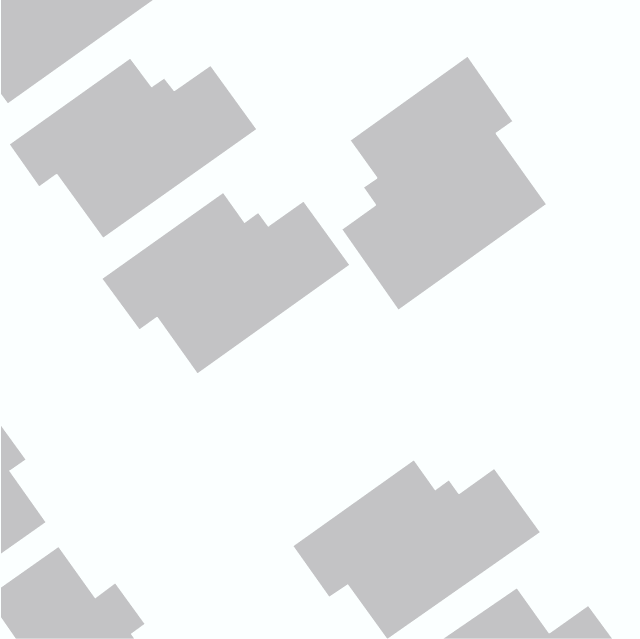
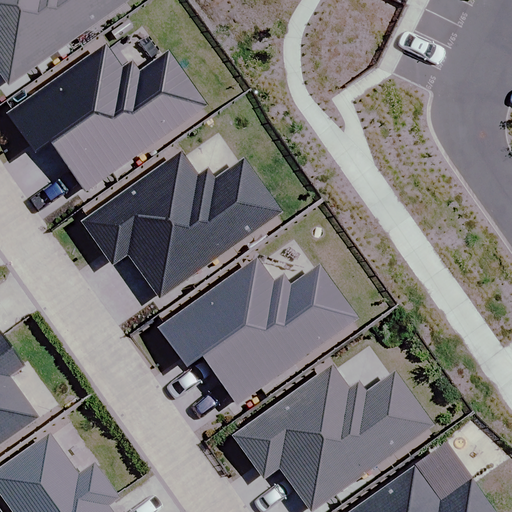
building: [341,56,547,310] -> none
building: none -> [159,260,357,405]

